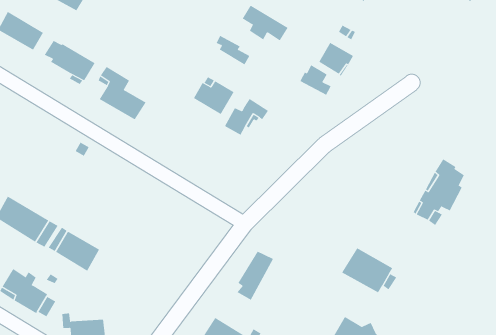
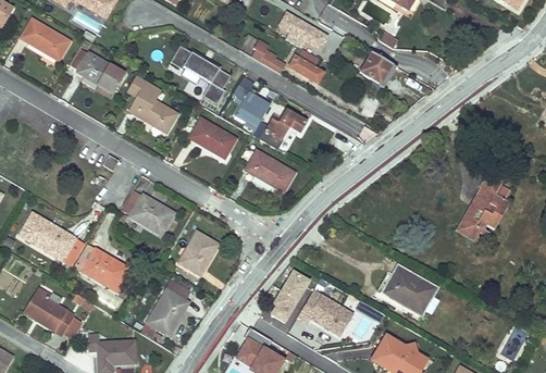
building: none -> [170,43,231,102]
building: [299,64,332,96] -> [289,49,323,82]
building: none -> [189,117,236,158]
building: none -> [245,150,294,191]
building: none -> [123,192,174,235]
building: none -> [177,232,218,275]
building: none -> [140,278,189,336]
building: none -> [298,288,352,335]

